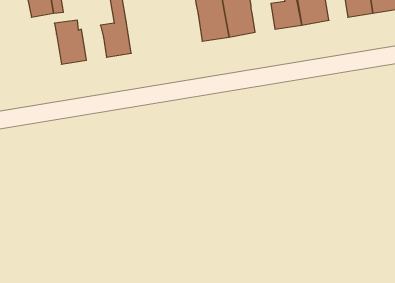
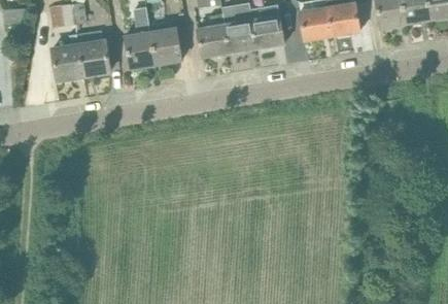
building: none -> [198,14,230,58]
building: none -> [151,28,182,65]
building: none -> [53,45,84,80]

